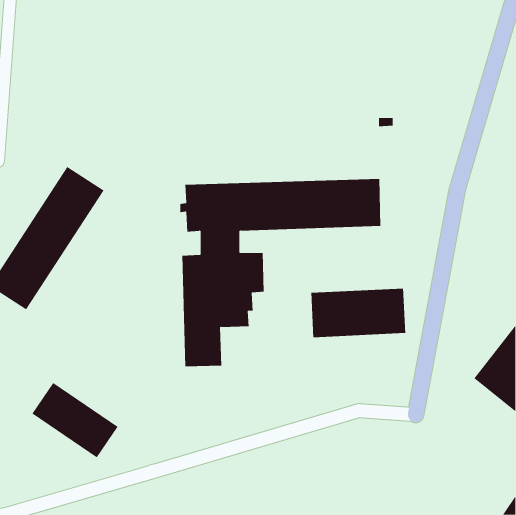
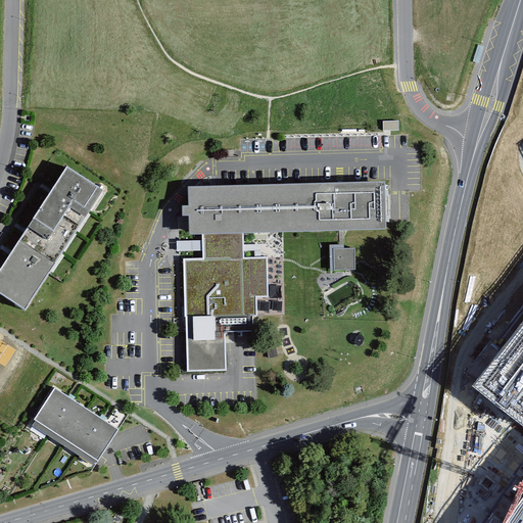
building: none -> [332,246,353,268]
building: [311,288,406,338] -> none

